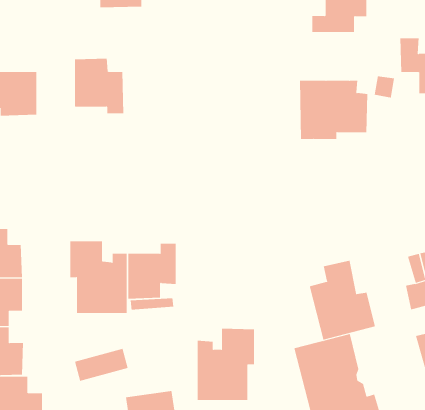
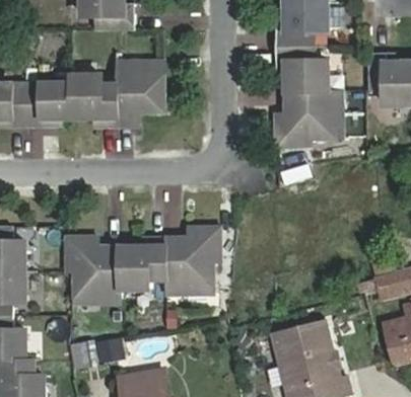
building: none -> [287,48,338,91]
building: none -> [116,59,163,122]
building: none -> [38,82,72,123]
building: [309,260,376,341] -> none
building: [197,328,255,401] -> [164,228,217,294]

